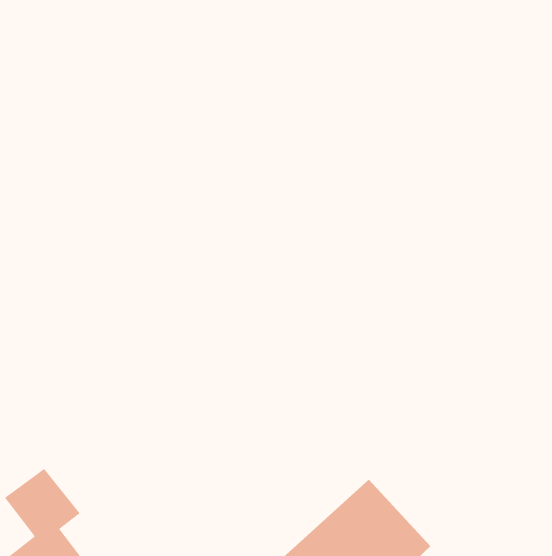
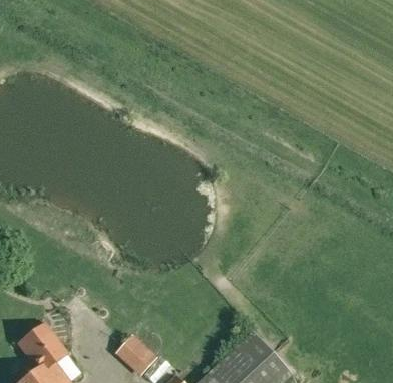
building: none -> [118,333,156,371]

